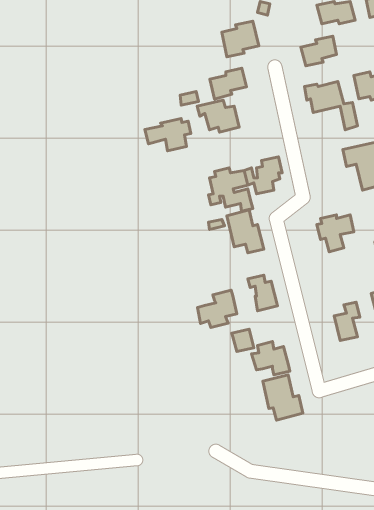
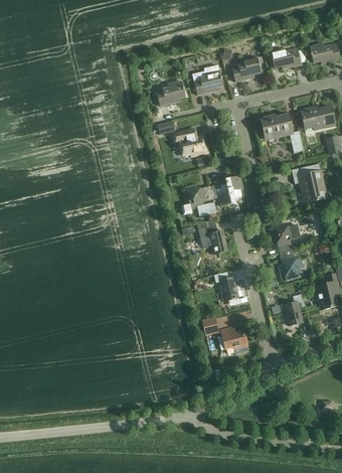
building: [301,36,337,66] -> [231,56,261,81]
building: [210,68,247,99] -> [156,81,186,106]
building: [145,118,191,151] -> none
building: none -> [279,250,302,280]
building: [197,290,237,328] -> none
building: [263,375,303,420] -> none

